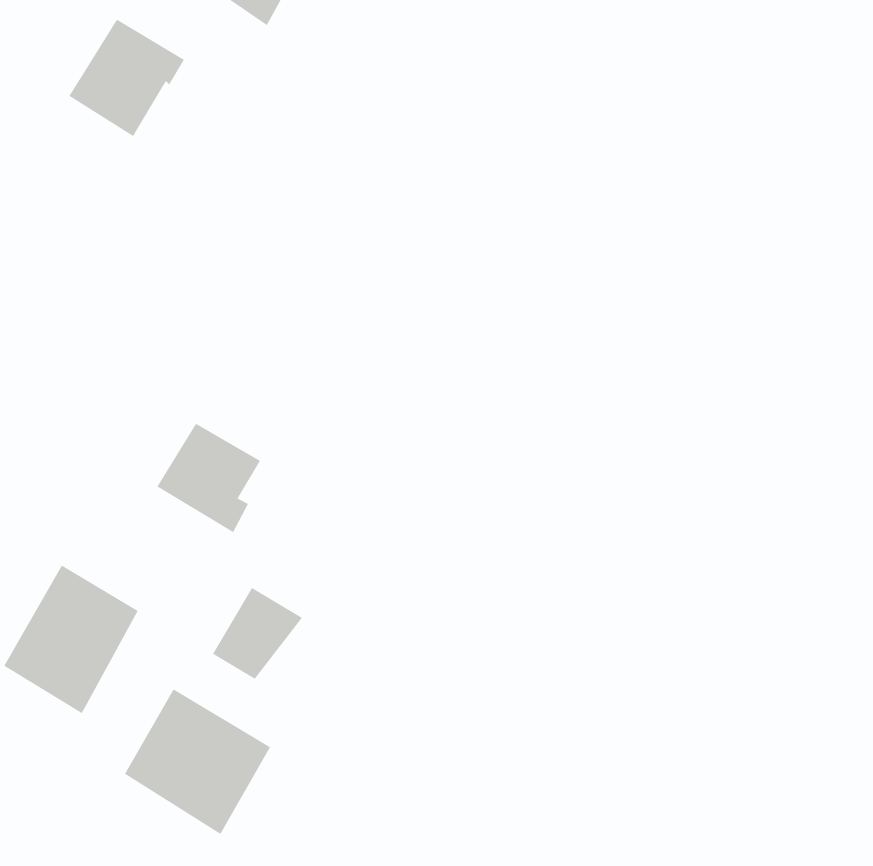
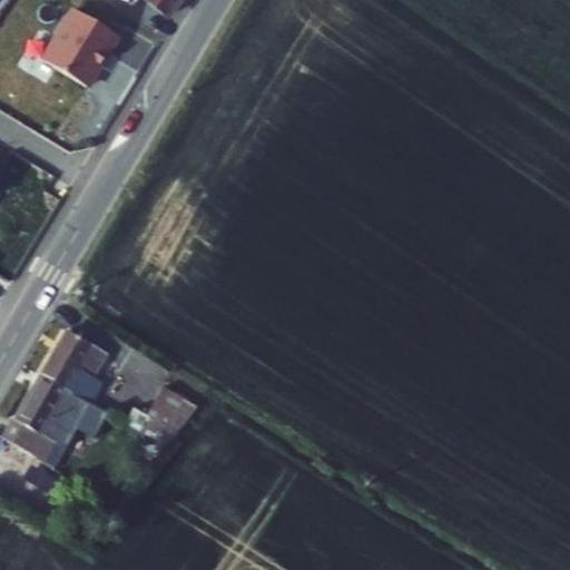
building: [156,423,261,533] -> [41,326,109,397]
building: [124,689,271,835] -> none

